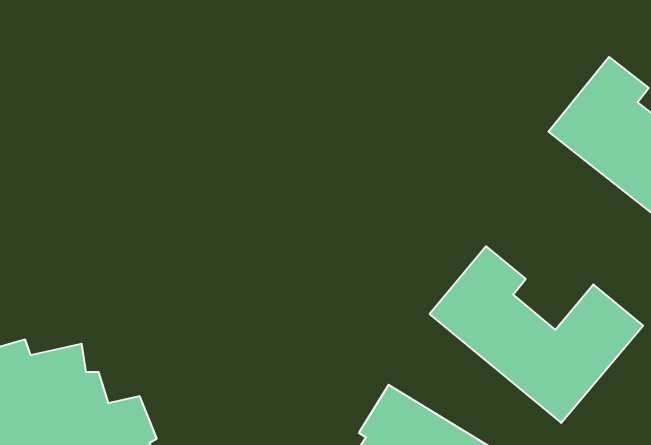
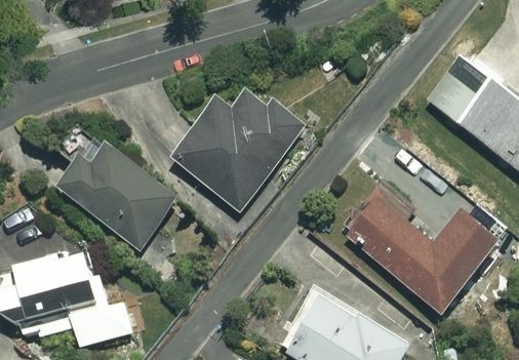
building: none -> [174,96,301,208]
building: none -> [59,149,174,247]

